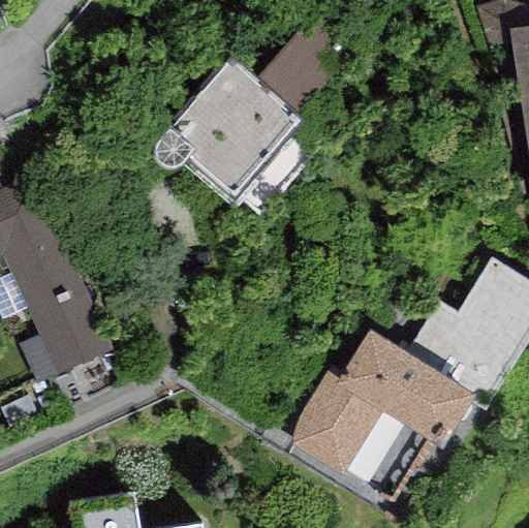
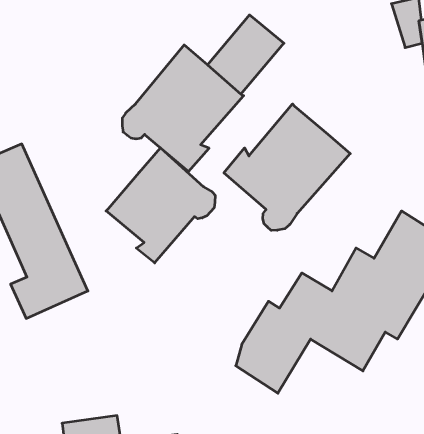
building: none -> [224,104,350,230]
building: none -> [106,148,215,263]

